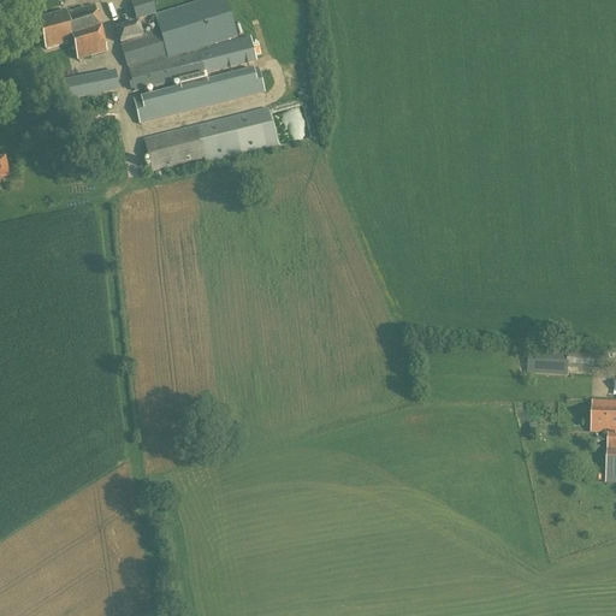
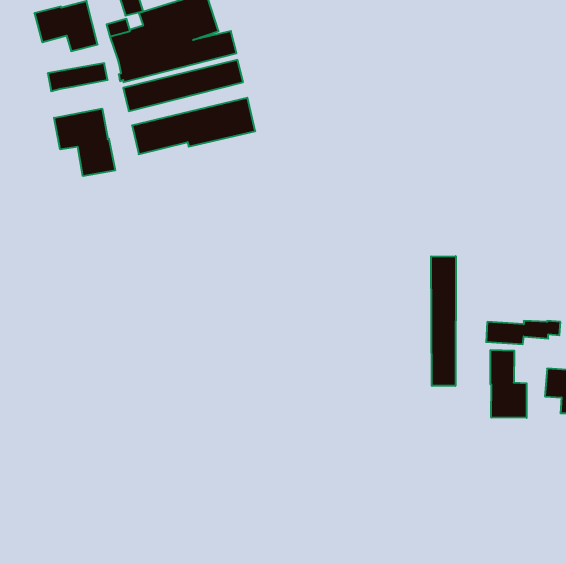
building: none -> [54,109,115,176]
building: none -> [431,256,456,386]
building: none -> [491,350,527,418]

